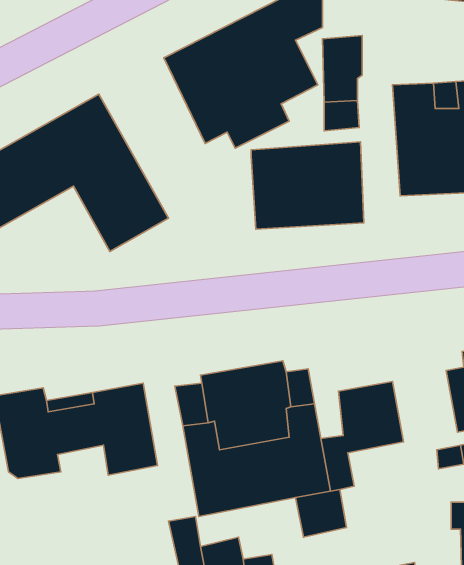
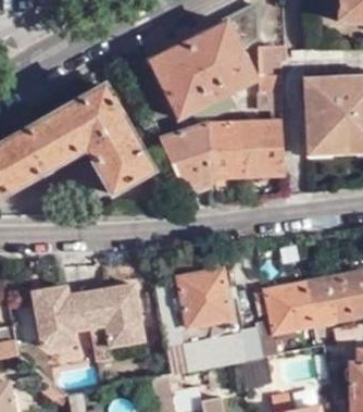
building: none -> [159,127,210,197]
building: none -> [303,274,348,323]

